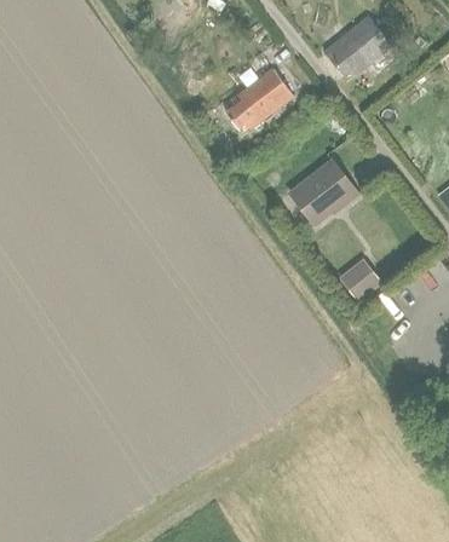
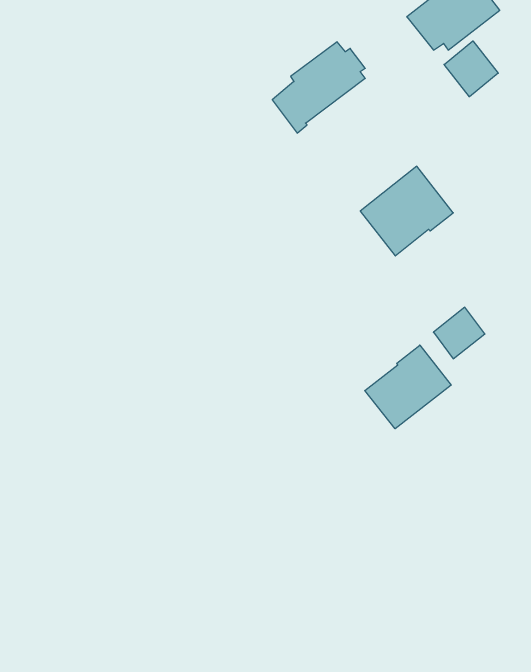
building: none -> [444,41,498,97]
building: none -> [365,345,451,429]

